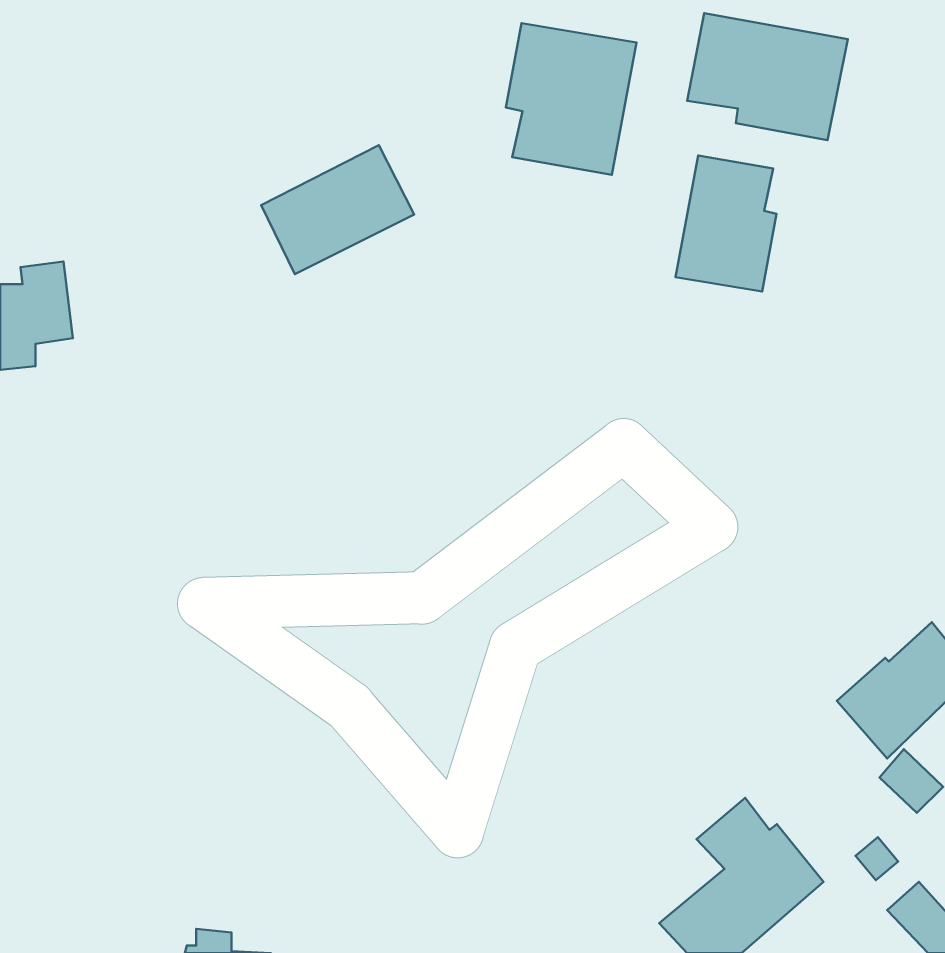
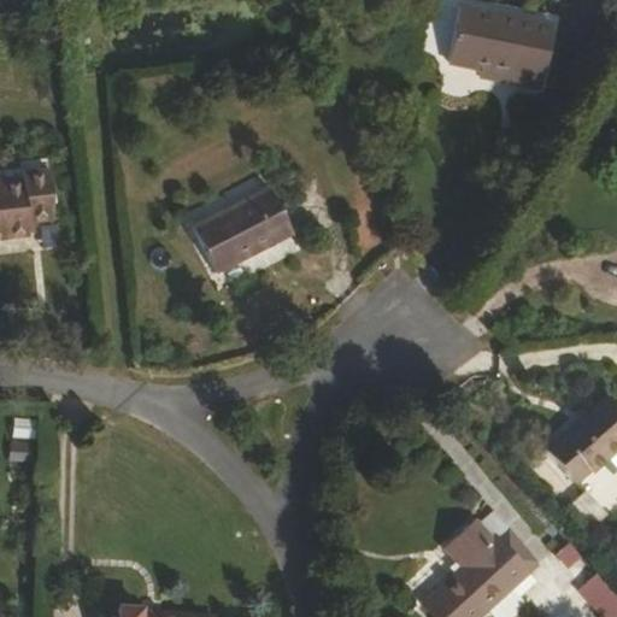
building: [506,23,637,175] -> none
building: [261,145,414,274] -> [193,190,292,274]
building: [676,155,776,292] -> none

